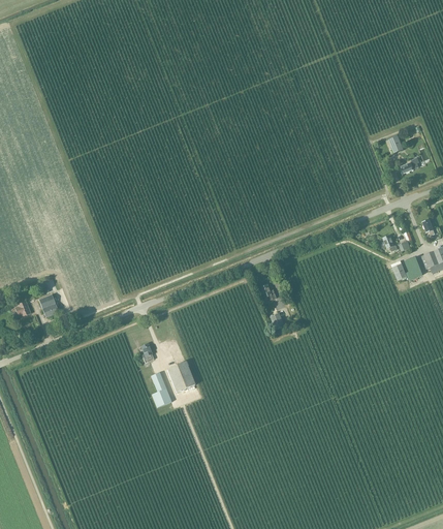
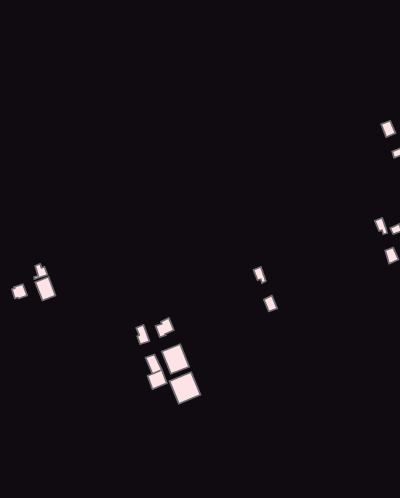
building: none -> [170,372,200,404]

